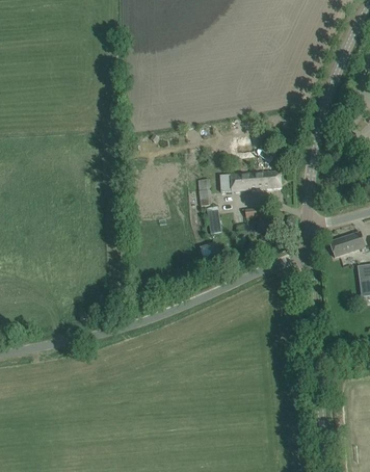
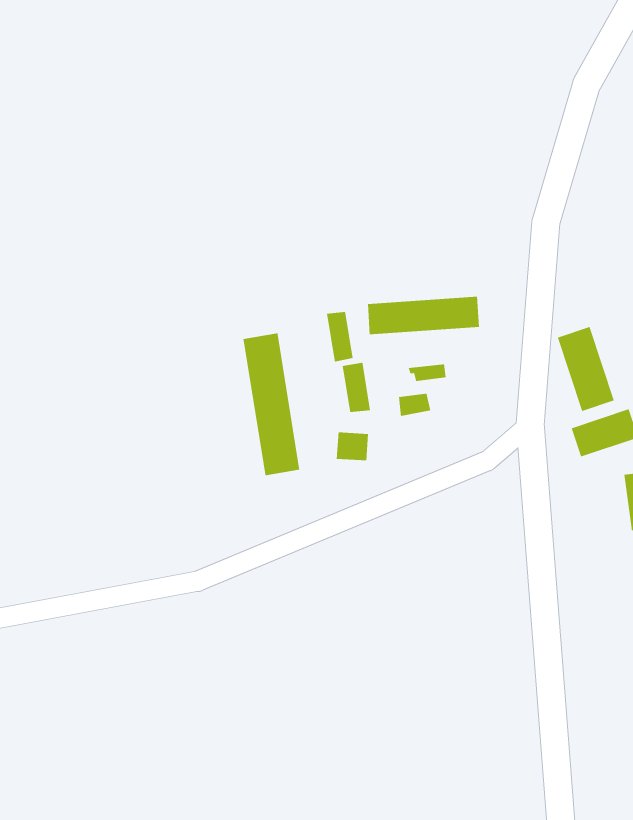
building: none -> [557,326,615,412]
building: none -> [243,333,300,476]

